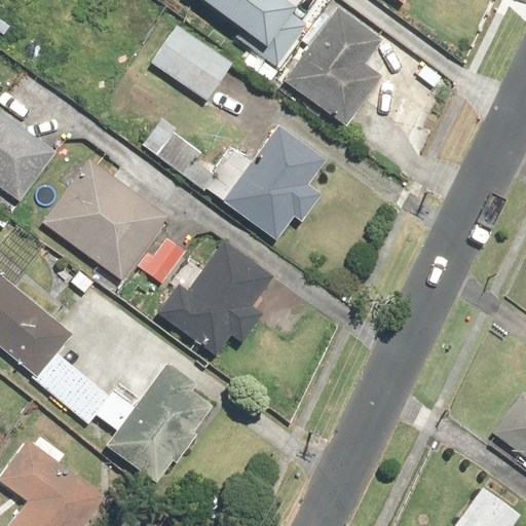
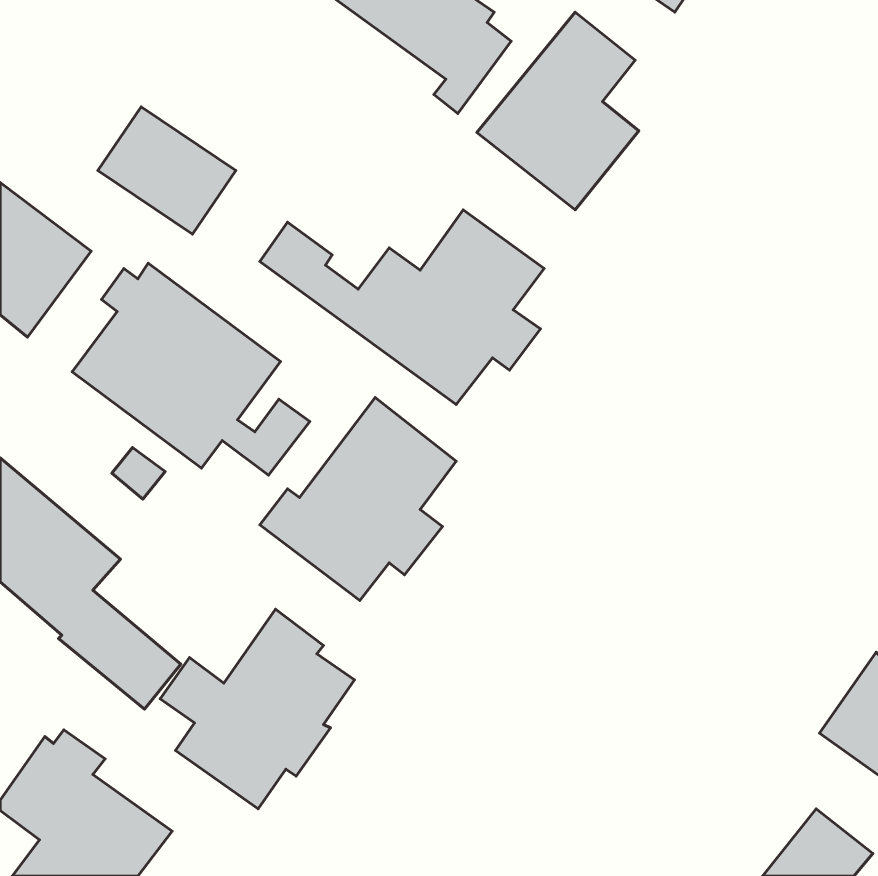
building: [149,24,231,100] -> [98,107,236,234]

